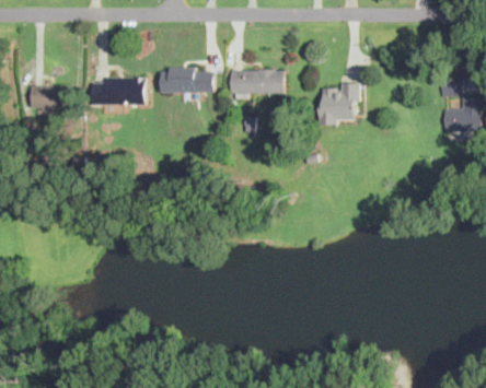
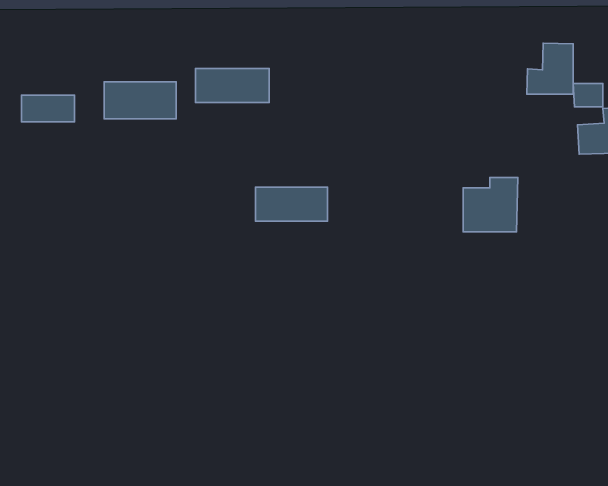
building: none -> [527,43,573,94]
building: [229,69,282,94] -> [255,187,328,221]
building: [319,82,359,122] -> [463,177,518,232]

